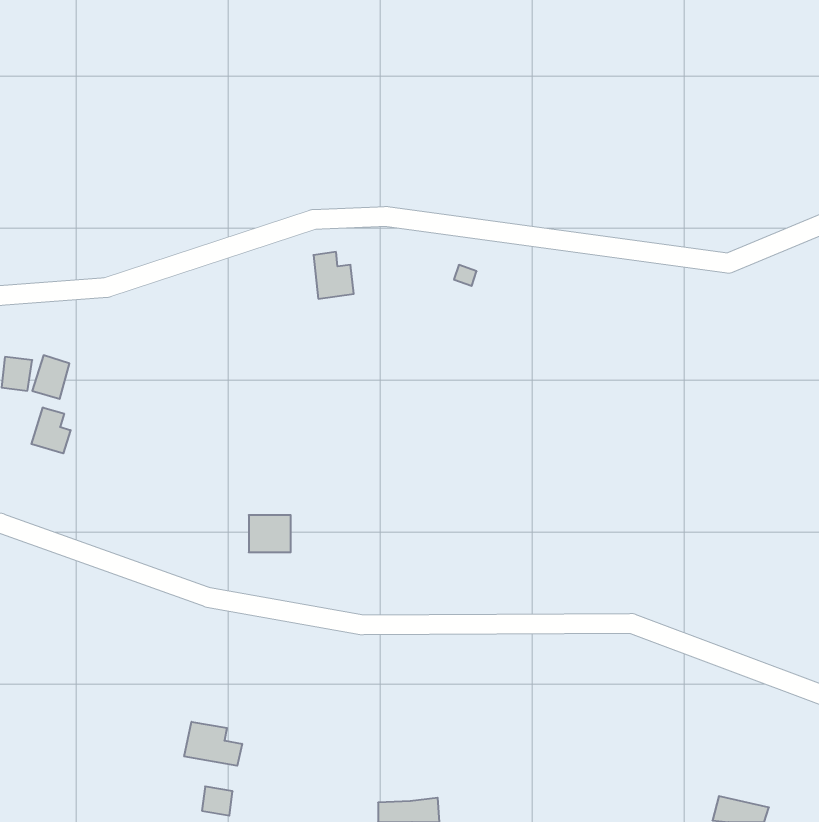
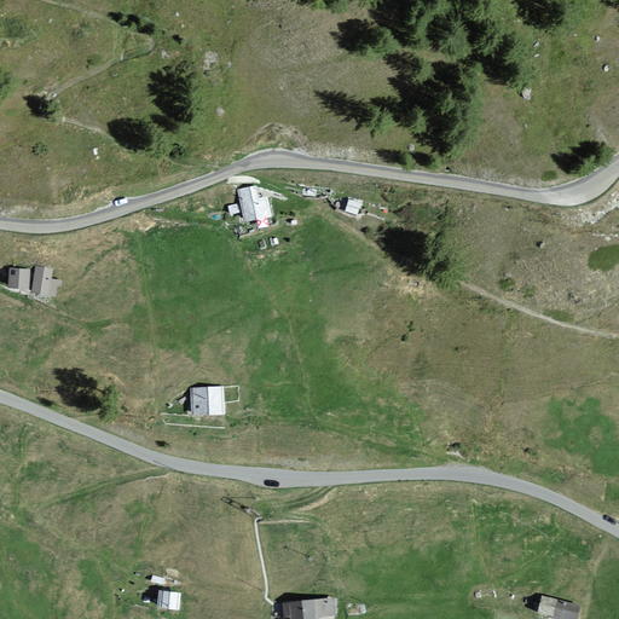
building: [31,407,71,453] -> none
building: [184,722,242,766] -> none

